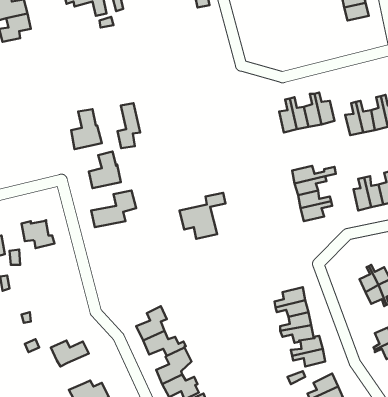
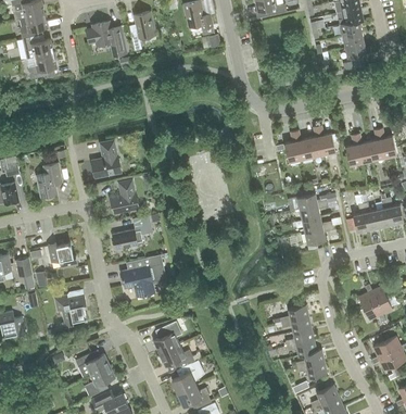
building: [117,103,140,148] -> none
building: none -> [37,163,62,197]
building: [180,193,226,239] -> [120,254,163,297]
building: none -> [54,291,87,325]
building: none -> [84,365,115,397]

